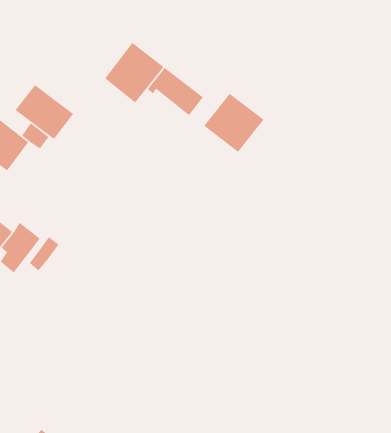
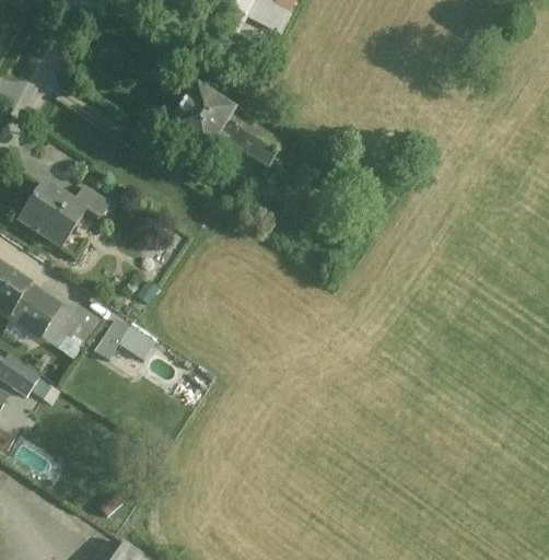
building: [14,84,74,140] -> none
building: [203,93,264,153] -> none
building: none -> [116,324,153,358]

